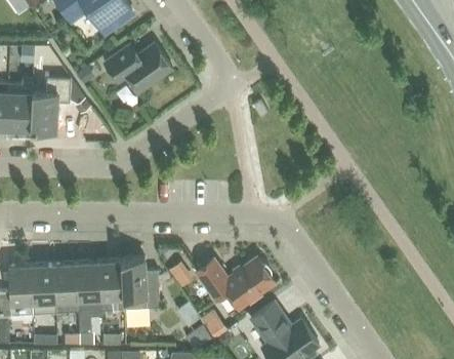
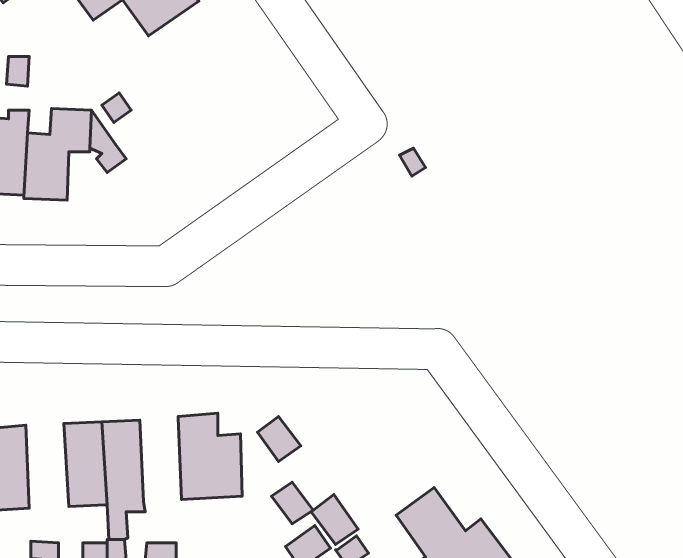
building: [104,44,172,93] -> none
building: [195,258,274,309] -> none
building: [98,262,123,311] -> none
building: [31,265,56,329] -> none

